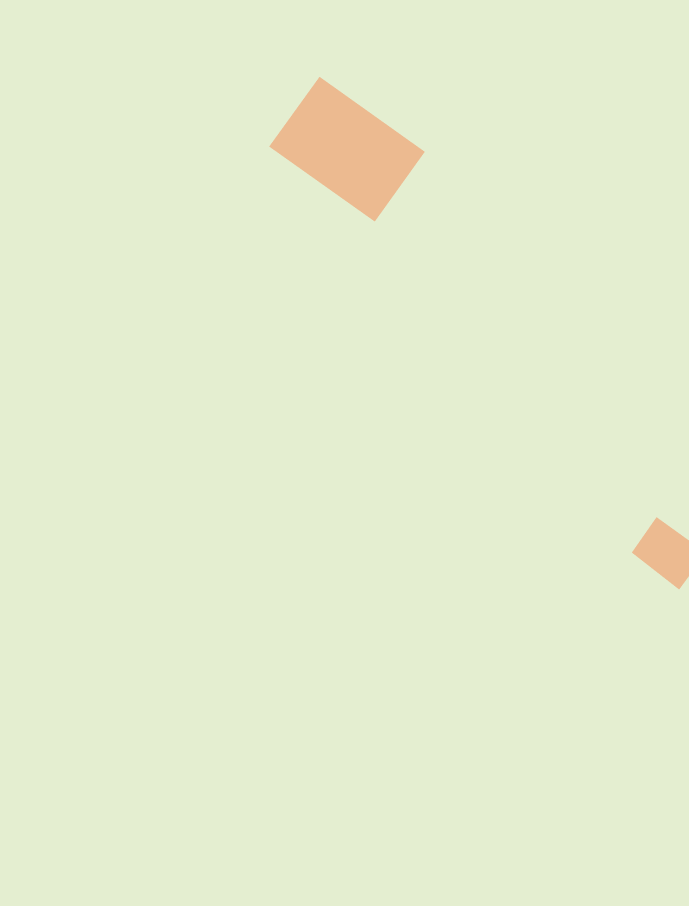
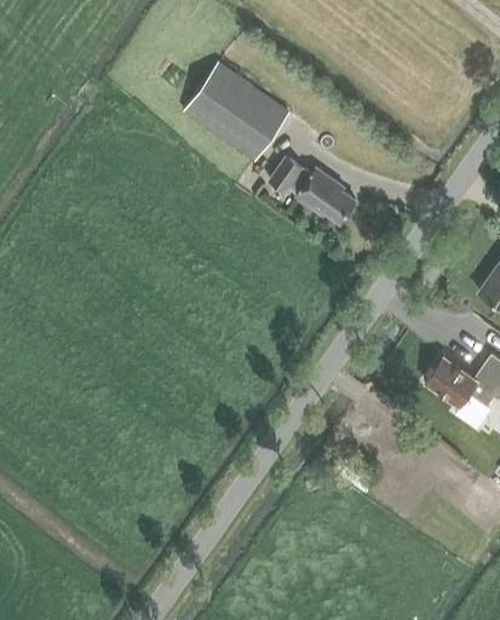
building: none -> [270,156,356,223]

